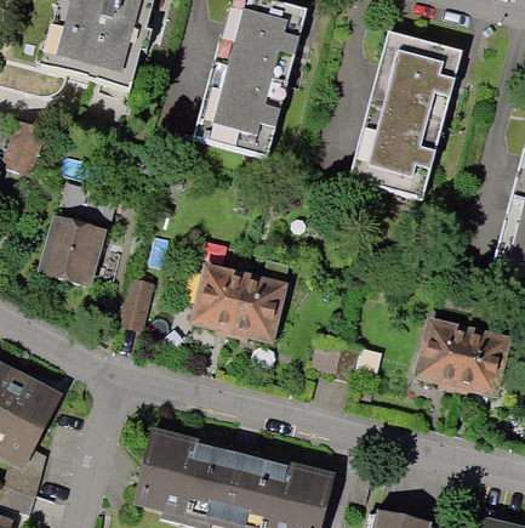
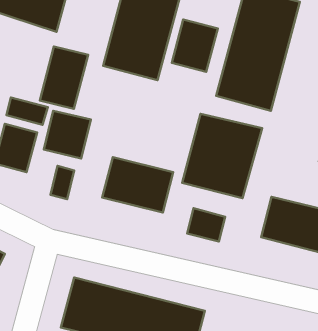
building: none -> [172,20,218,72]
building: none -> [40,46,88,109]
building: none -> [44,111,91,159]
building: none -> [182,114,262,198]

